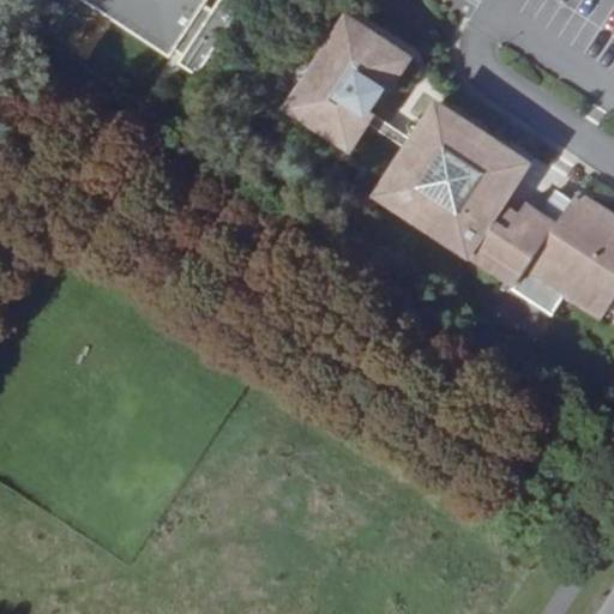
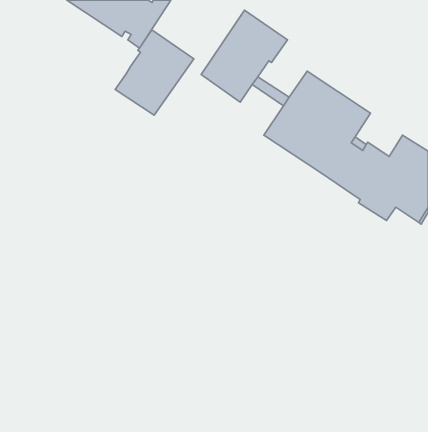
building: none -> [115,30,194,115]

